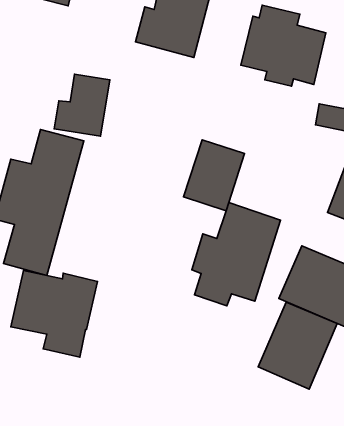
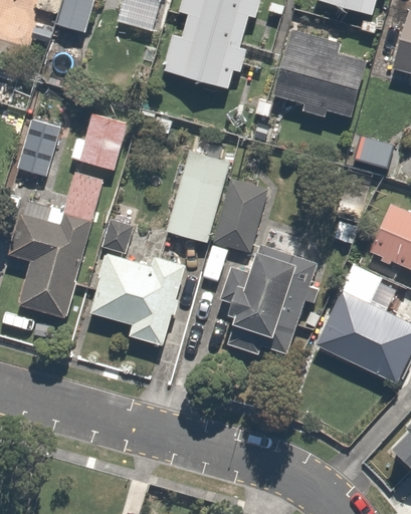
building: none -> [17,113,63,177]
building: none -> [165,151,235,244]
building: [11,270,97,357] -> [91,252,186,346]
building: [258,302,337,389] -> none

